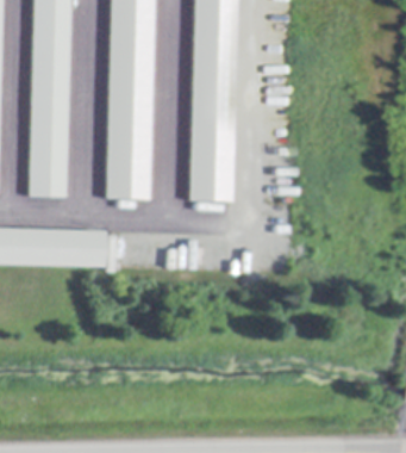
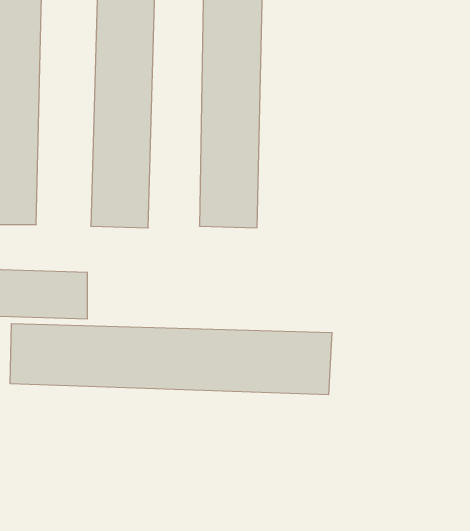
building: none -> [10,324,332,395]

